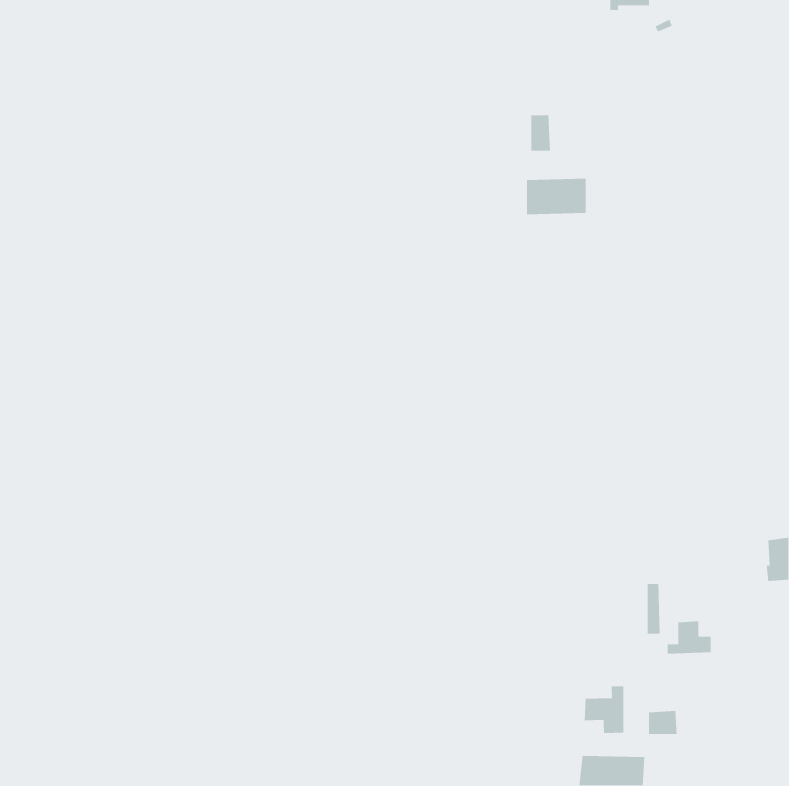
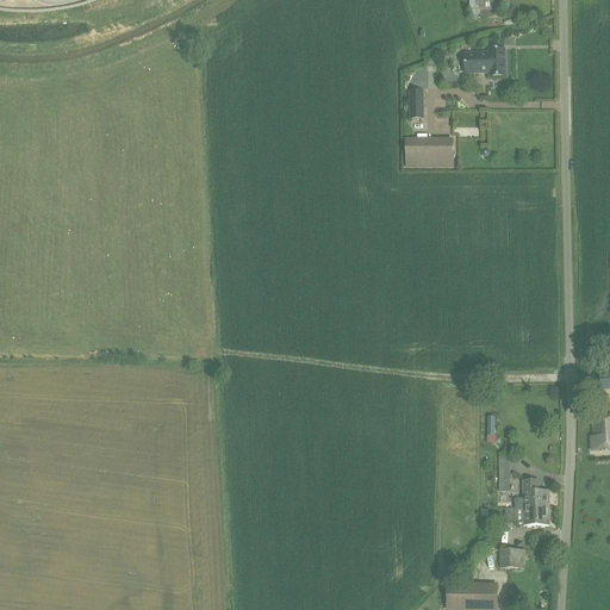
building: none -> [465,46,505,74]
building: none -> [513,503,549,523]
building: [584,685,624,734] -> none

